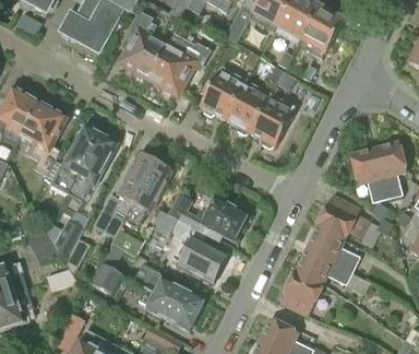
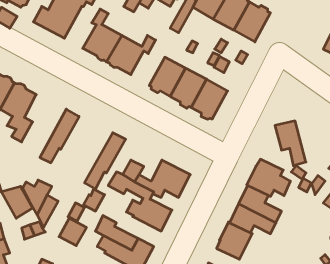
building: [51,125,100,191] -> none
building: [374,141,406,211] -> none
building: [99,153,156,244] -> none

